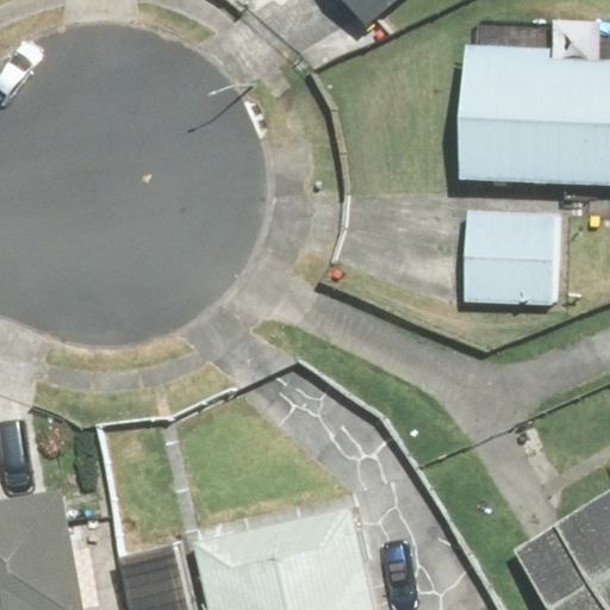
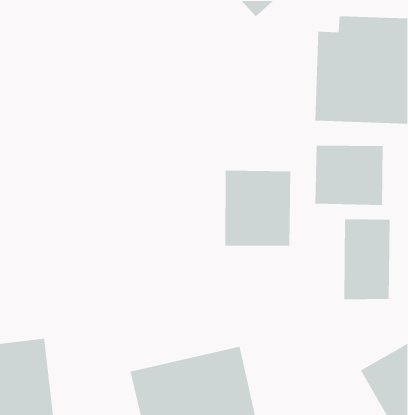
building: none -> [225,170,291,246]
building: none -> [343,218,391,300]

